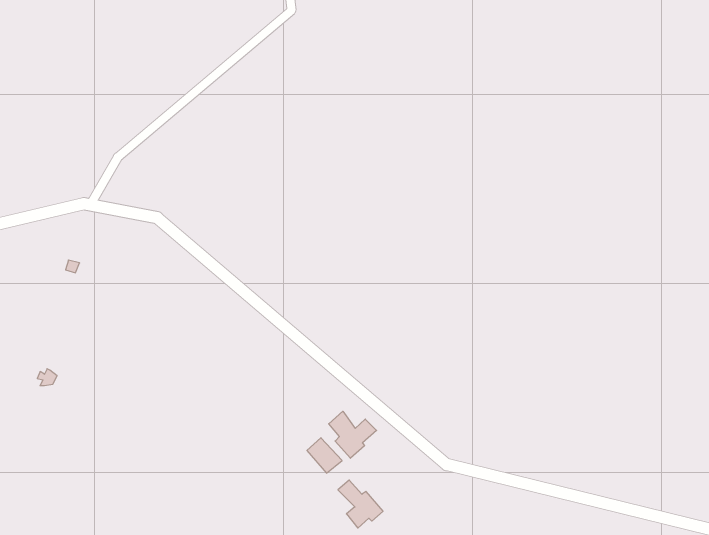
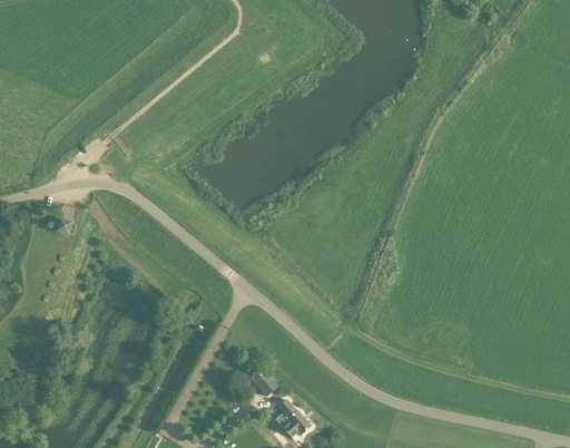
building: [329,411,377,458] -> none

